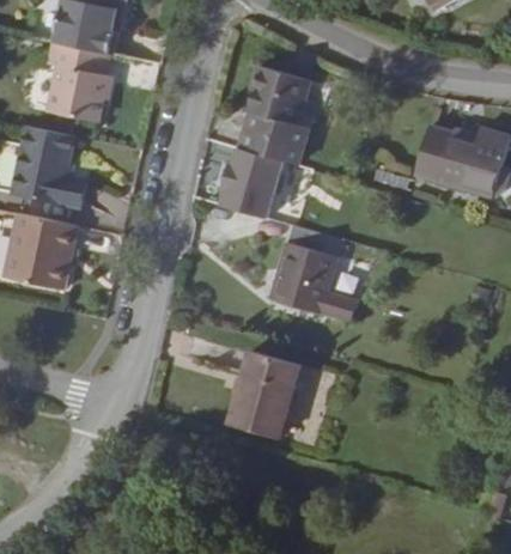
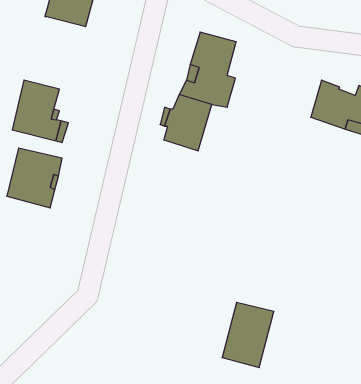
building: [55,41,115,121] -> none
building: [266,224,353,321] -> none
building: [227,349,296,436] -> [222,302,274,368]

